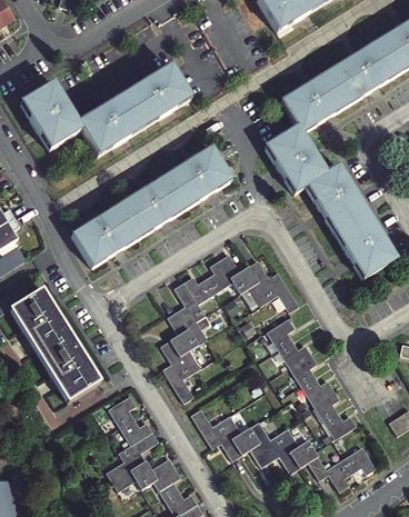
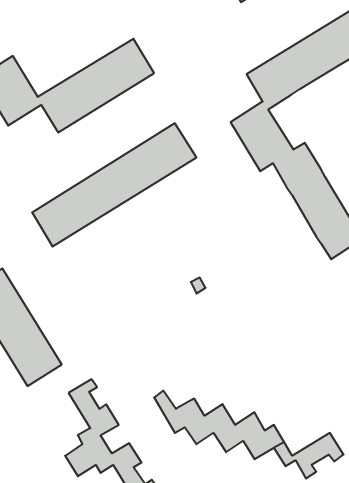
building: [160,253,298,402] -> none
building: [266,318,356,440] -> none

